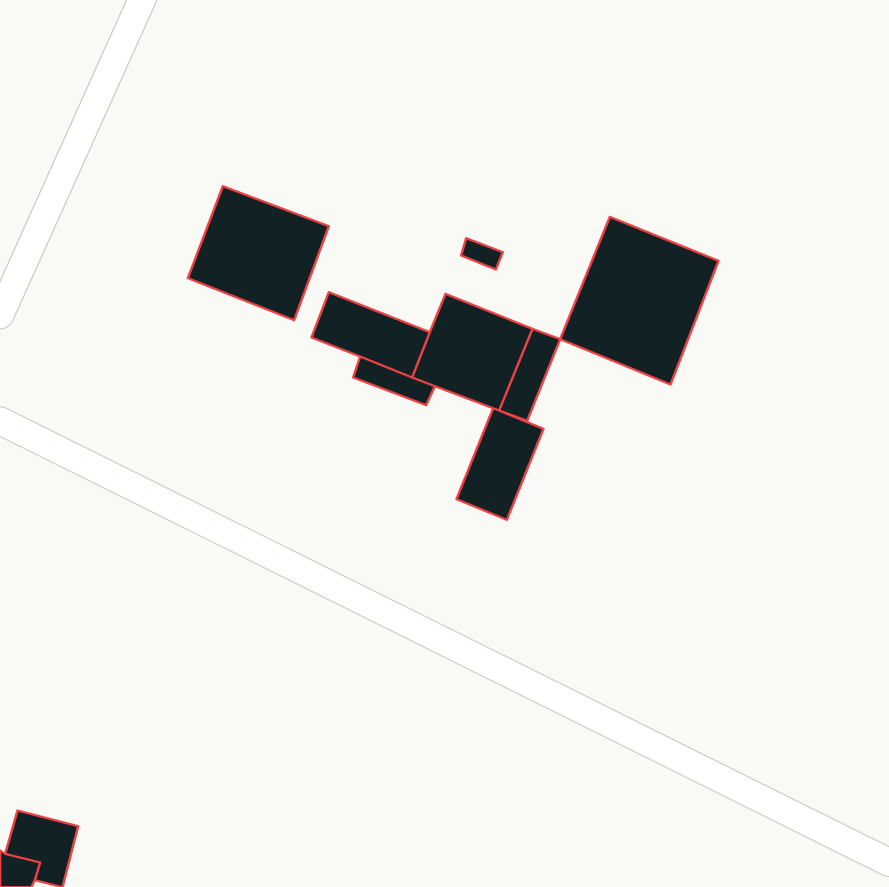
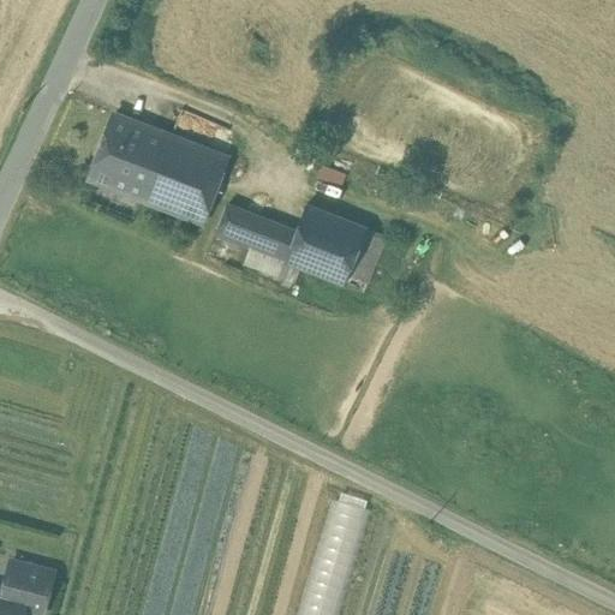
building: none -> [90,113,154,192]
building: [560,217,718,384] -> none
building: [456,408,544,520] -> none

